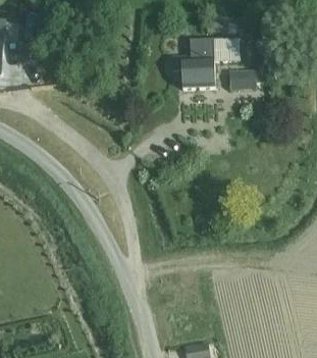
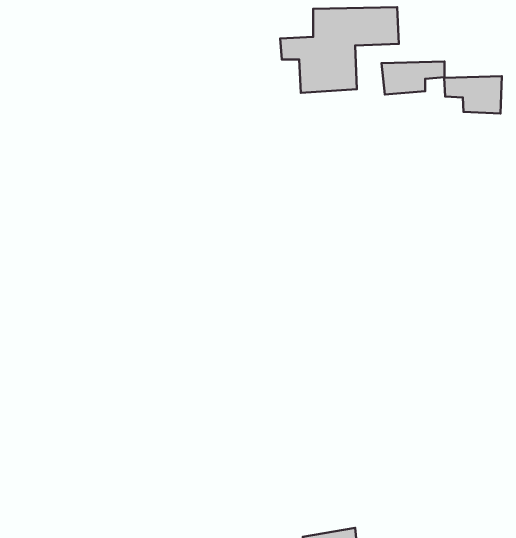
building: none -> [444,76,502,113]

